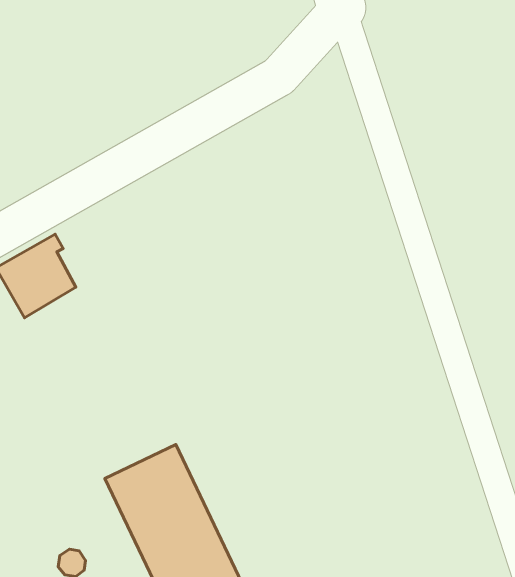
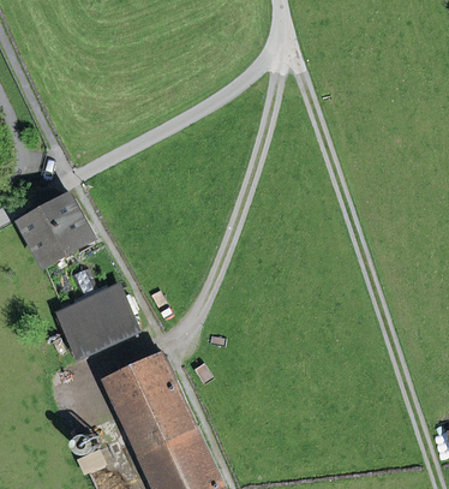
building: none -> [58,290,132,354]

